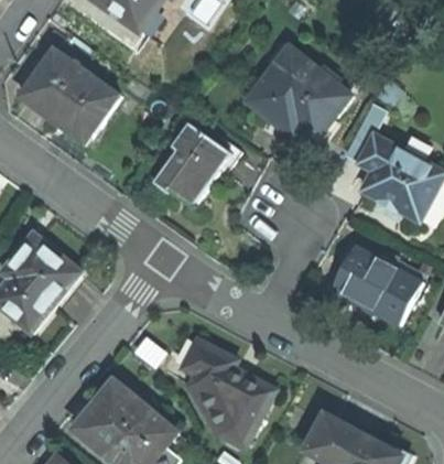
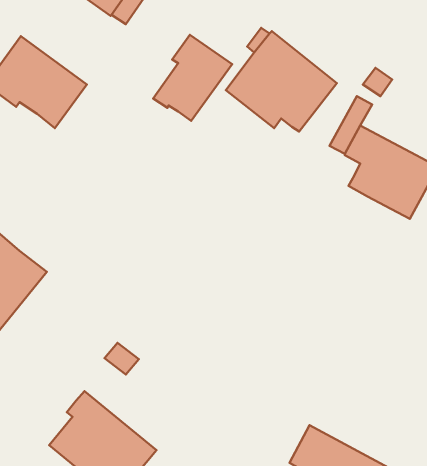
building: [155,123,229,204] -> [153,35,232,121]
building: [332,247,420,324] -> none
building: [182,339,272,445] -> none

